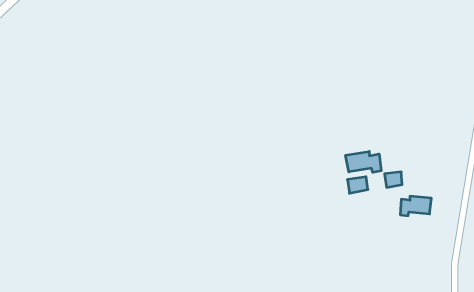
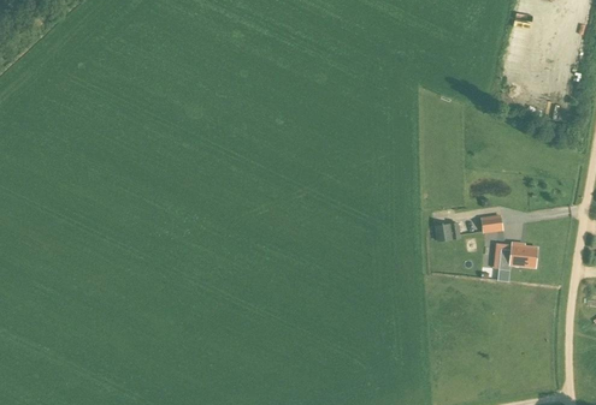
building: [346,151,381,172] -> none

